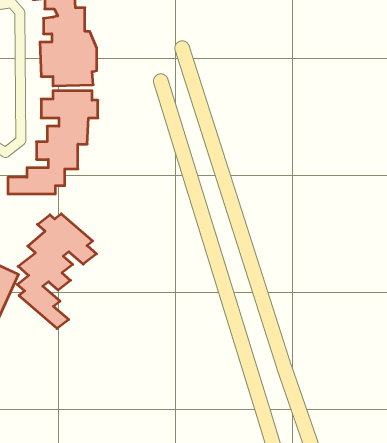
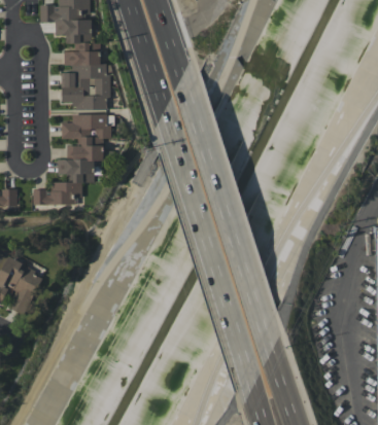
building: [17,214,97,329] -> none

